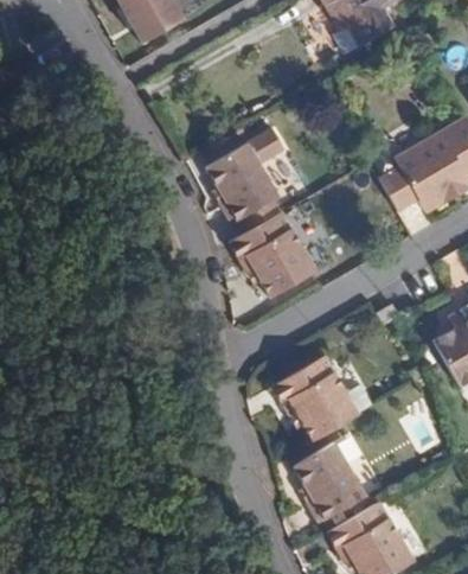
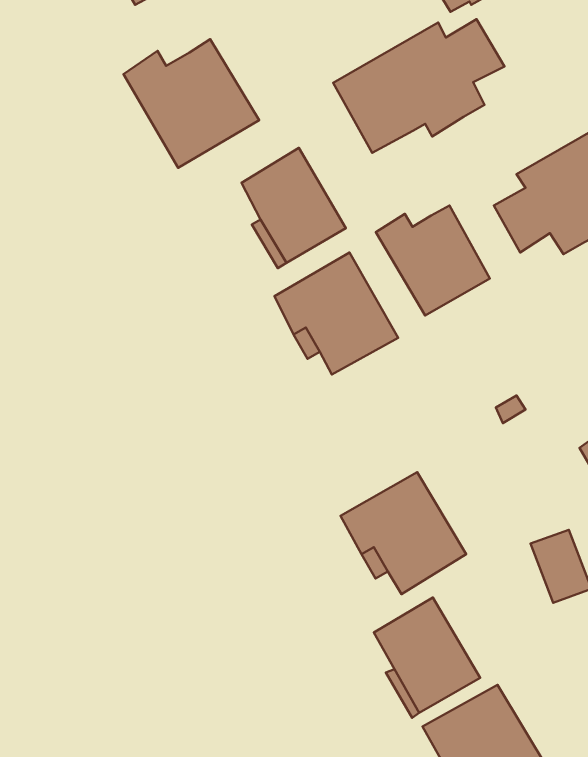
building: none -> [333,19,504,153]
building: none -> [124,39,259,168]
building: none -> [376,206,490,316]

